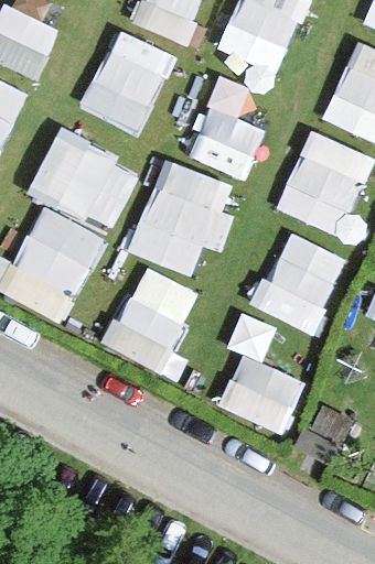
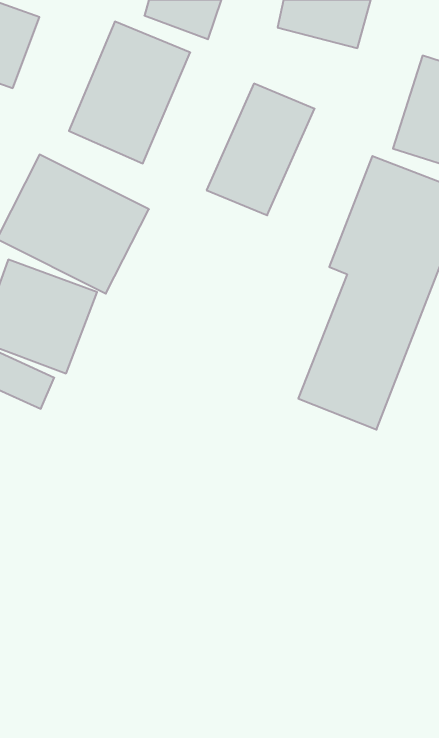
building: [95,161,239,372] -> none
building: [214,321,308,434] -> none

